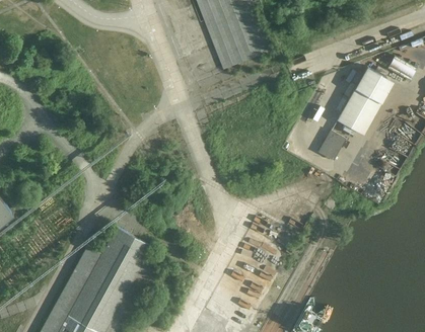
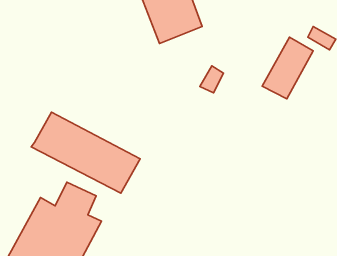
building: [318,130,345,160] -> [200,66,224,93]
building: none -> [31,112,140,193]

